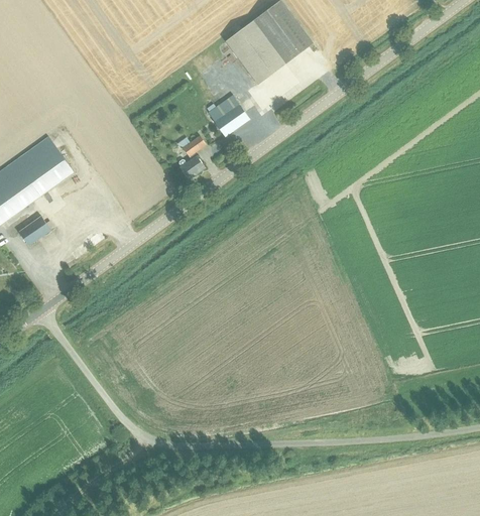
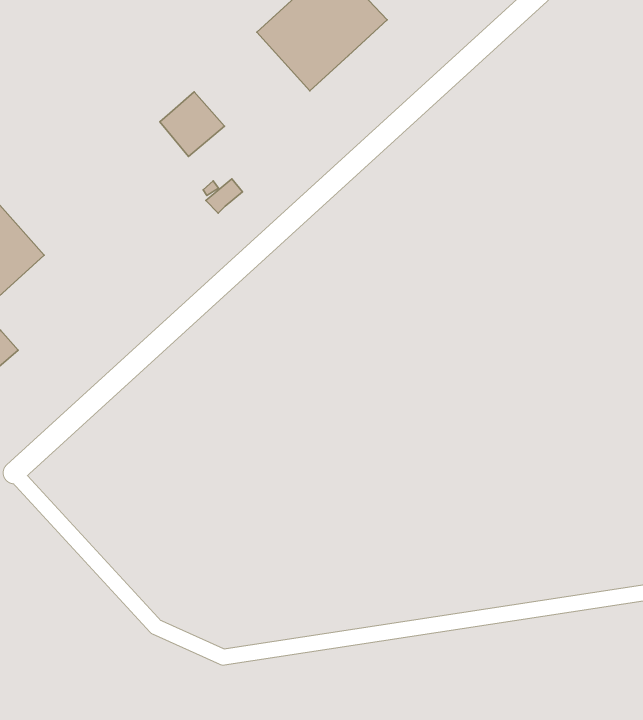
building: [208,94,249,135] -> [160,92,224,156]
building: [178,151,205,178] -> none

